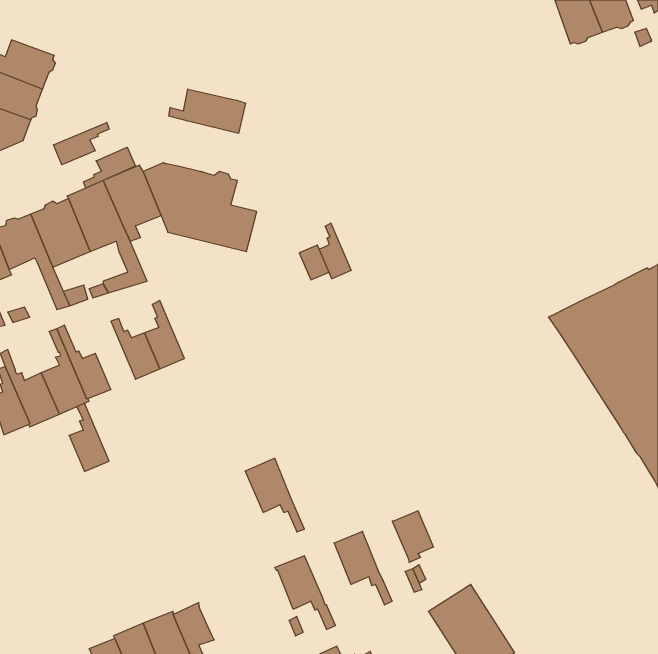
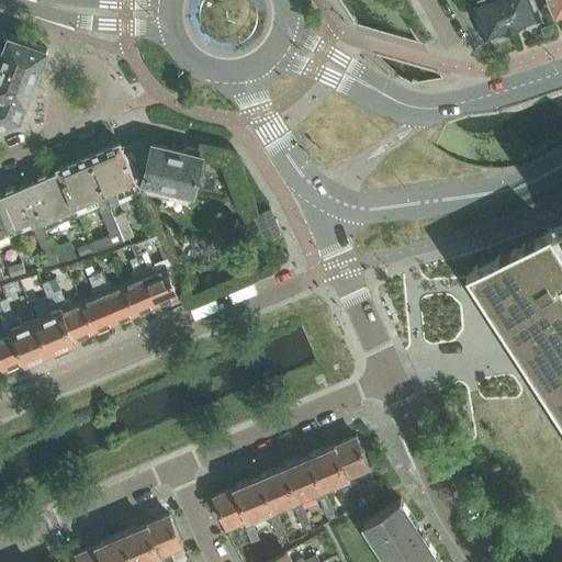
building: [169,89,245,133] -> none
building: [53,122,109,165] -> none
building: [84,147,135,188] -> none
building: [319,223,351,279] -> none
building: none -> [136,258,178,310]
building: [69,403,109,471] -> [81,278,115,336]
building: [245,458,304,532] -> [259,467,310,529]
building: none -> [308,446,348,492]
building: none -> [214,490,250,529]

